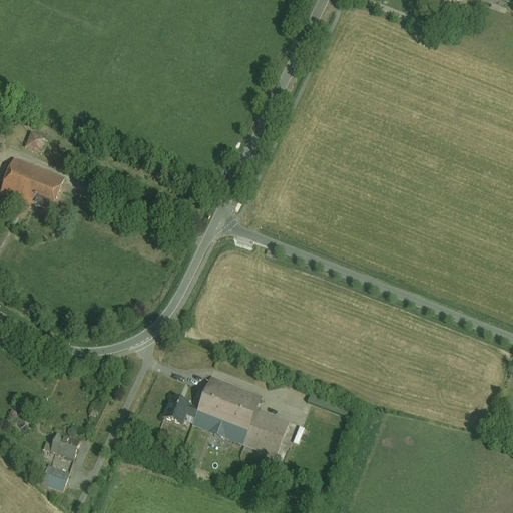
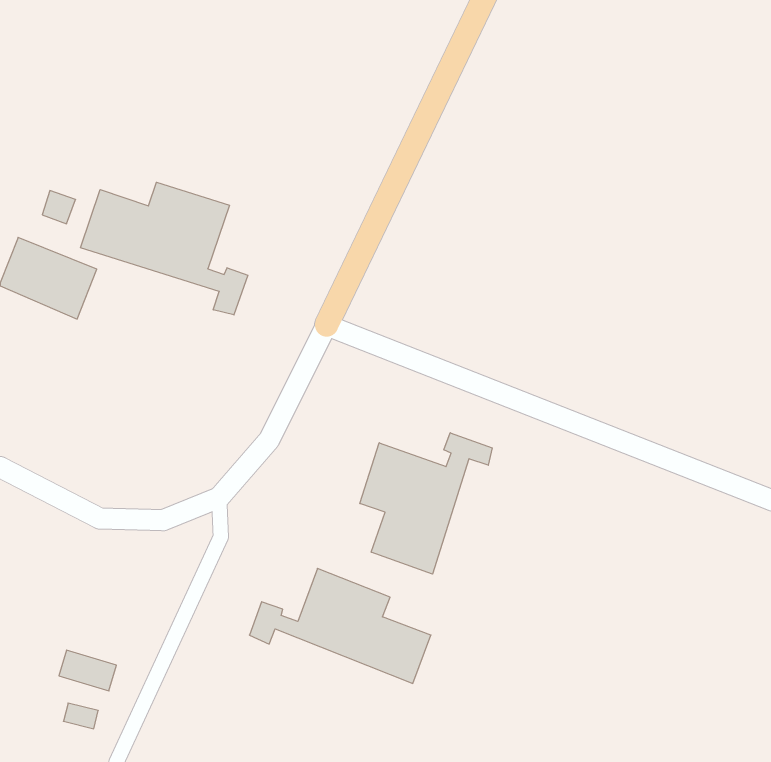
building: none -> [80,182,248,315]
building: none -> [360,433,492,574]

